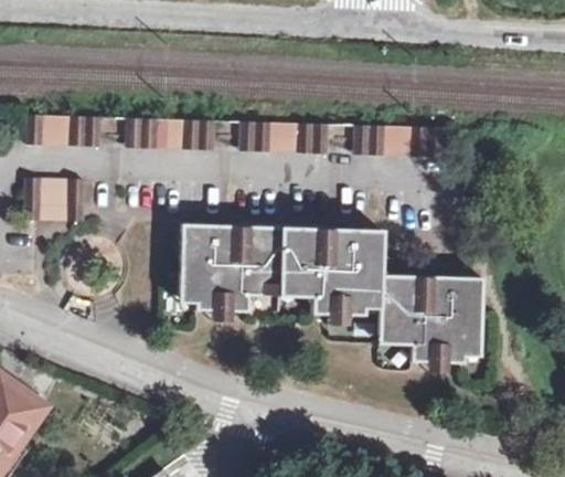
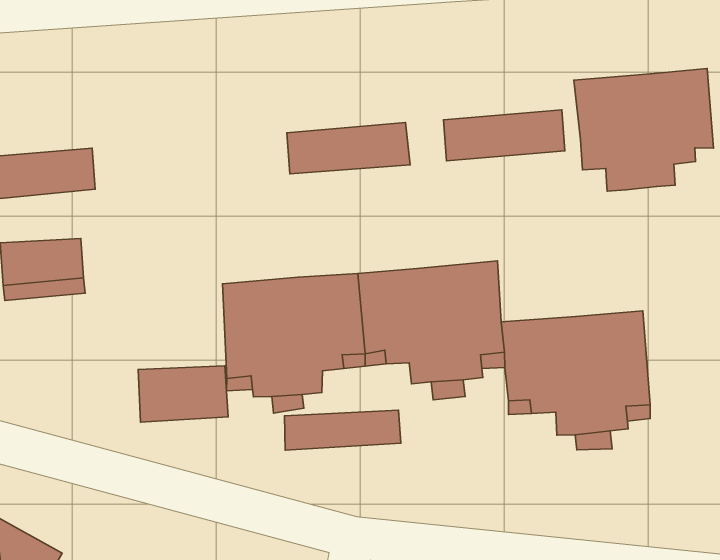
building: none -> [574,69,714,191]
building: [127,117,215,150] -> none
building: none -> [138,366,228,422]
building: none -> [285,410,401,450]

